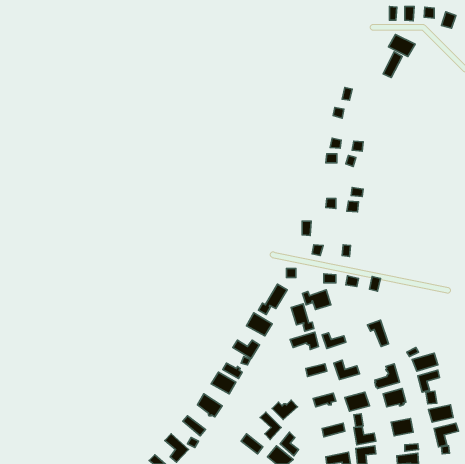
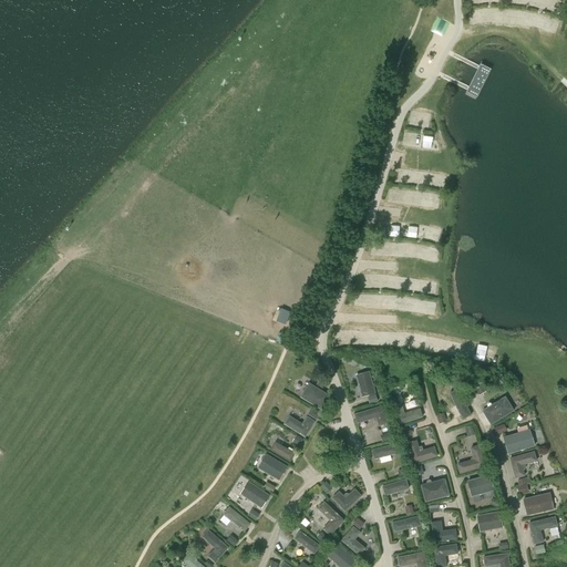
building: [389,35,415,56] -> none
building: [259,284,287,315] -> none
building: [302,290,331,310] -> none
building: none -> [482,394,514,424]

